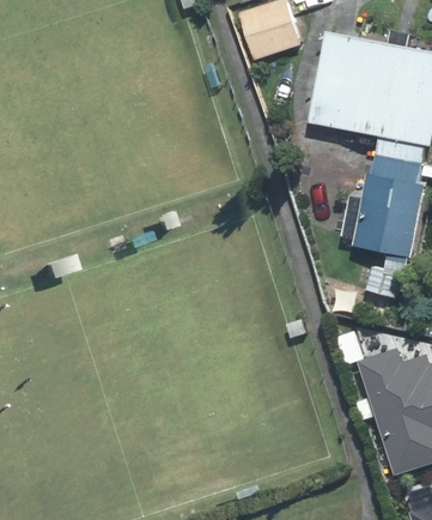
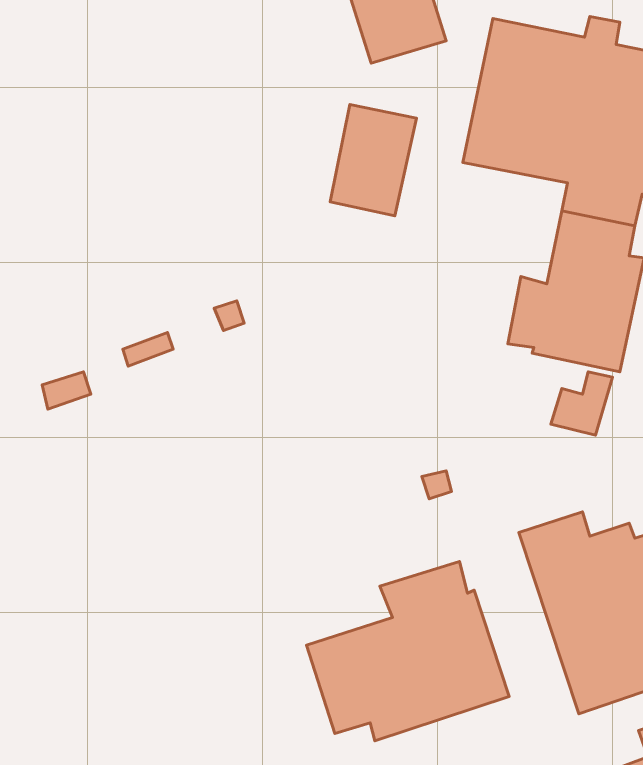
building: none -> [330,104,416,216]
building: none -> [307,561,509,741]

